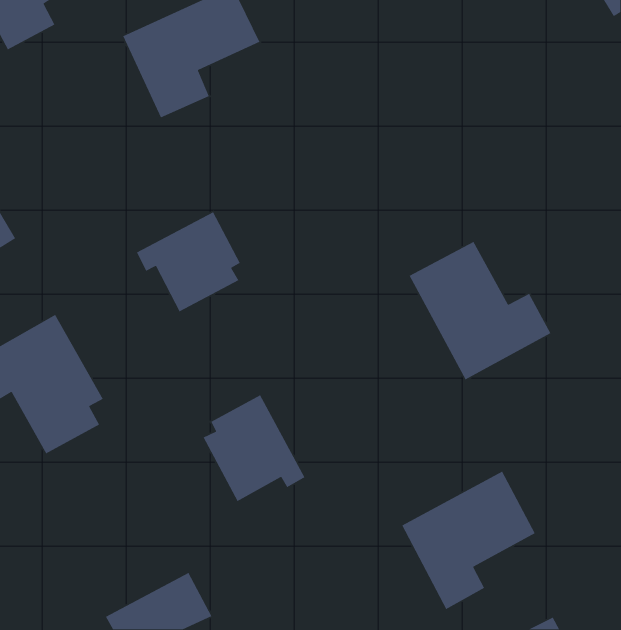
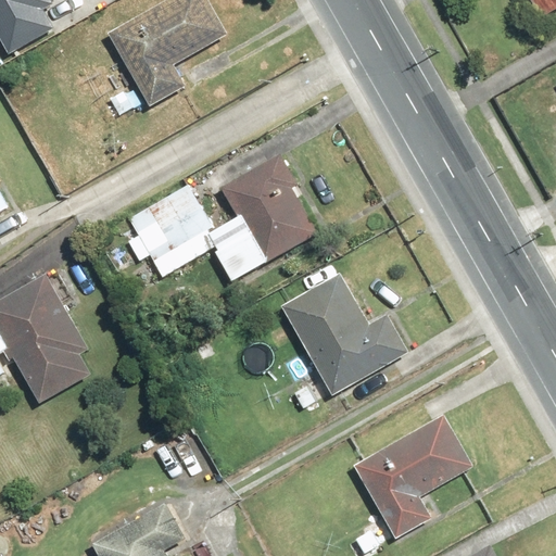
building: none -> [210,157,324,281]
building: [408,241,552,381] -> [280,273,406,395]
building: [202,394,306,502] -> none

